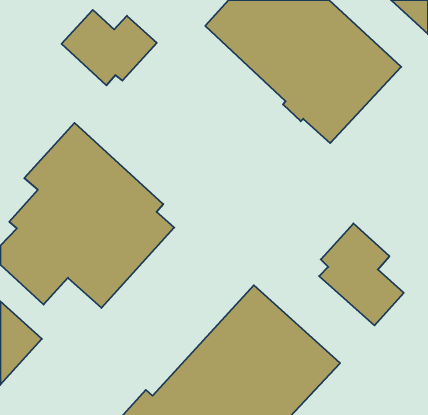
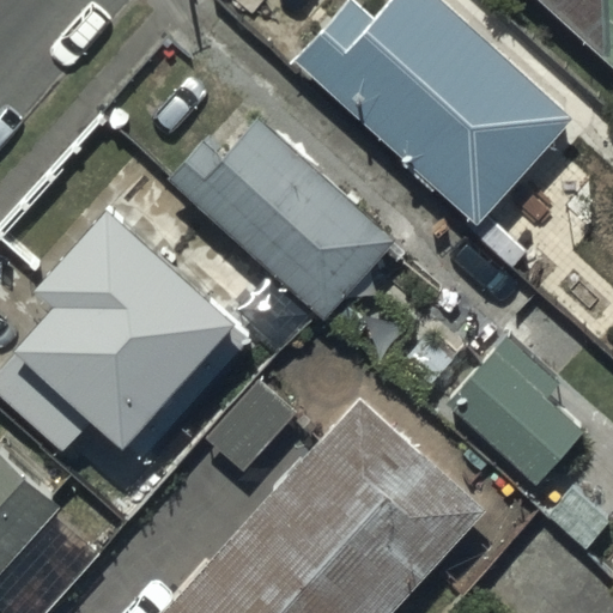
building: [62,10,157,85] -> none
building: none -> [168,115,394,317]

